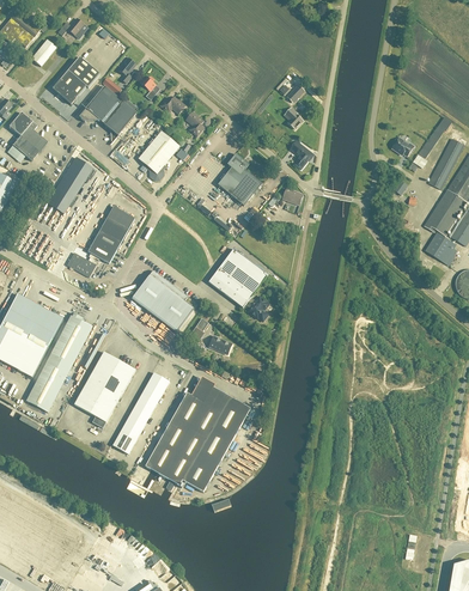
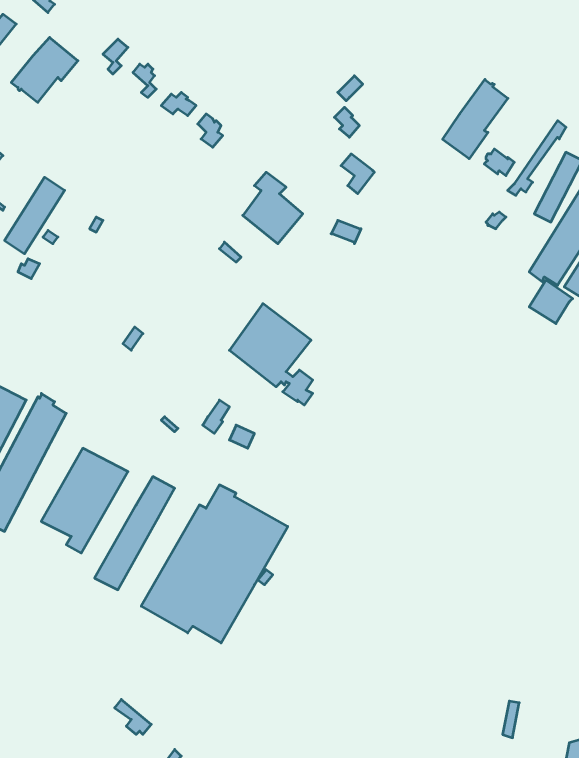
building: [79,85,133,144] -> none
building: none -> [443,79,508,159]
building: [138,130,178,179] -> none
building: [66,206,134,276] -> none
building: [130,269,197,331] -> none

